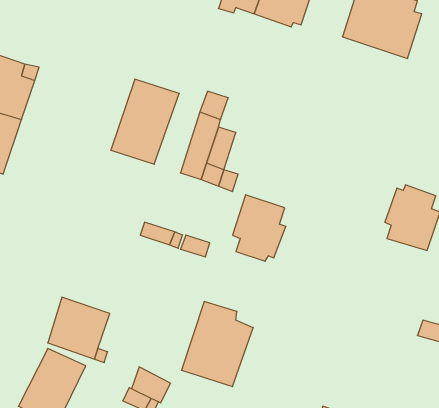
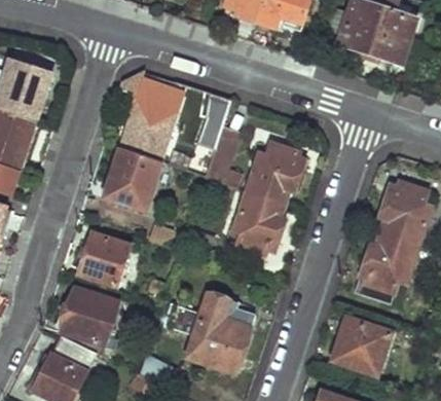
building: none -> [247,144,302,204]
building: none -> [104,149,160,212]
building: none -> [359,232,418,291]
building: none -> [78,233,130,287]
building: none -> [331,318,390,374]

